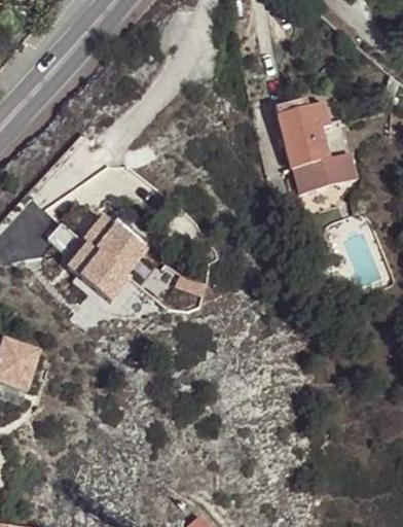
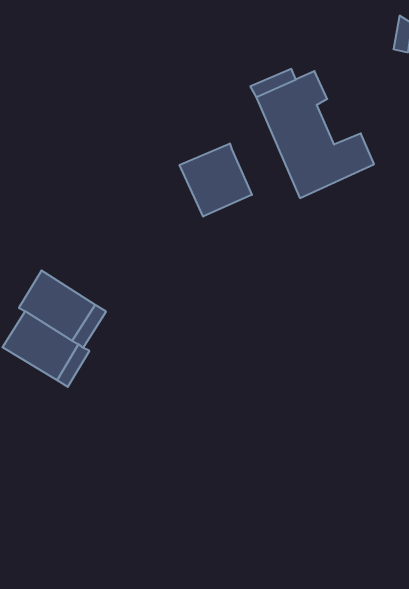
building: none -> [180,143,252,217]

